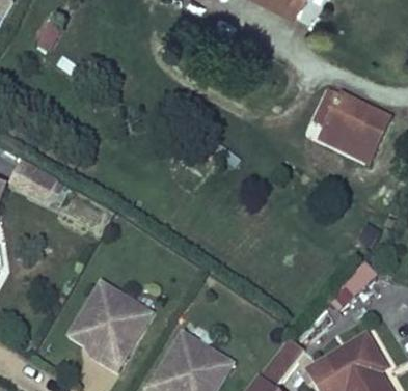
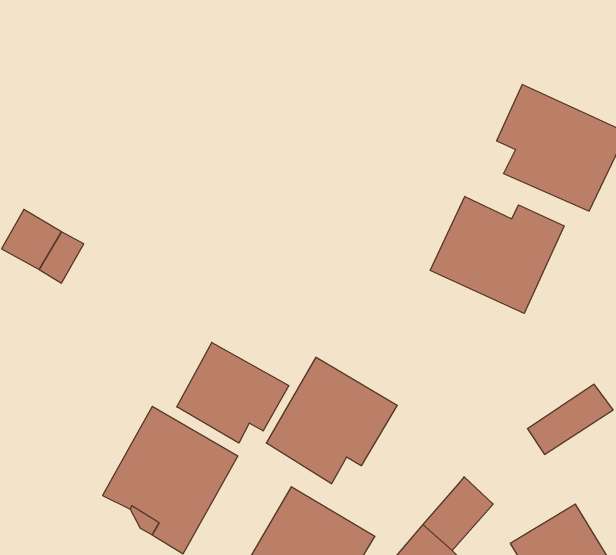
building: none -> [430,196,564,313]
building: none -> [177,342,289,443]
building: none -> [266,357,397,484]

